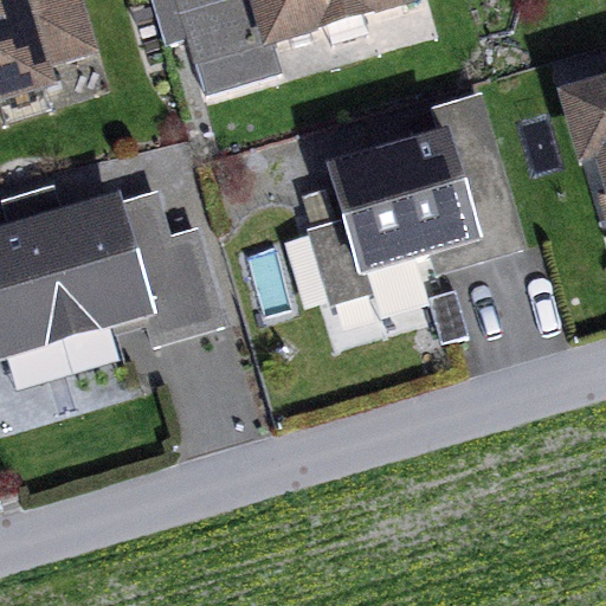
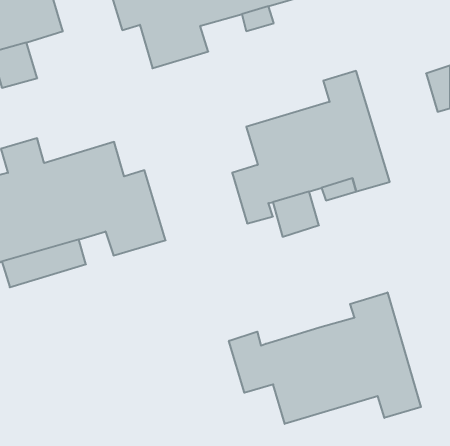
building: none -> [229,292,421,424]

